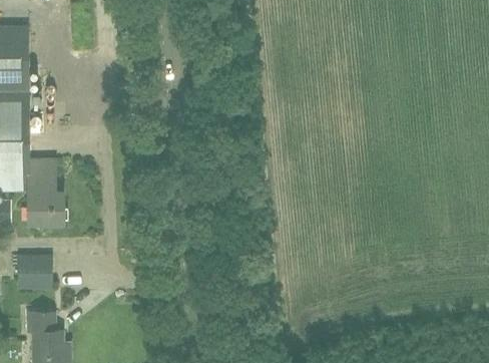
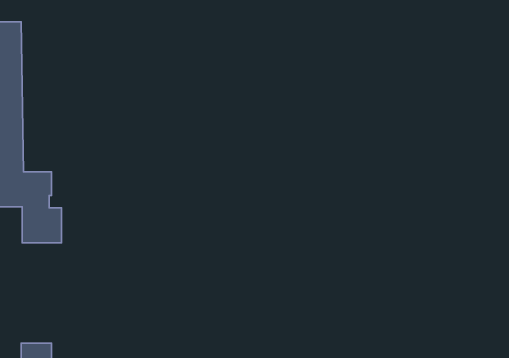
building: [17,255,52,289] -> none

